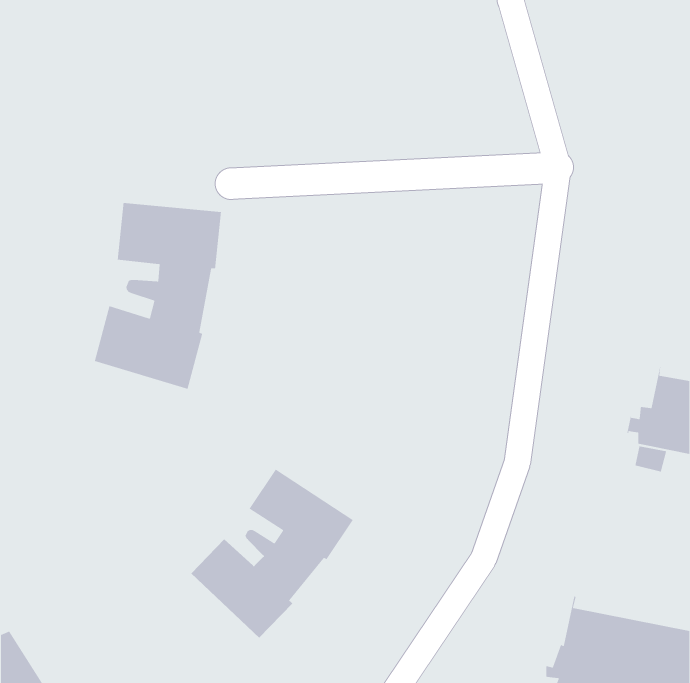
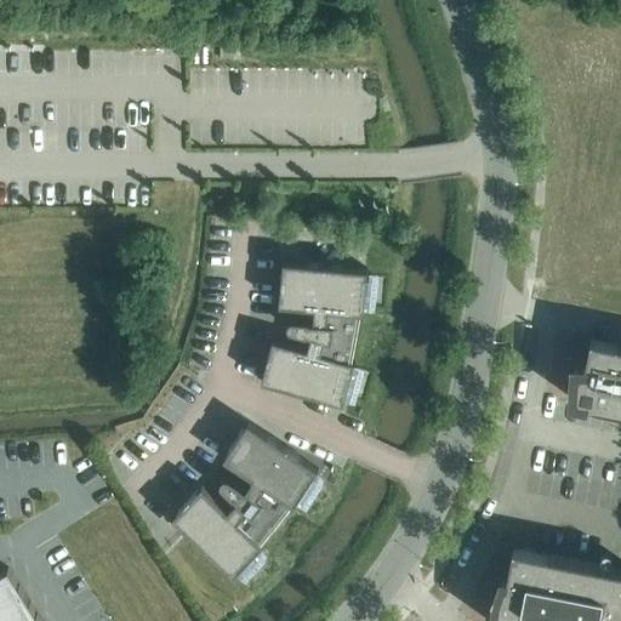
building: [94,202,222,390] -> none
building: none -> [261,266,368,408]

